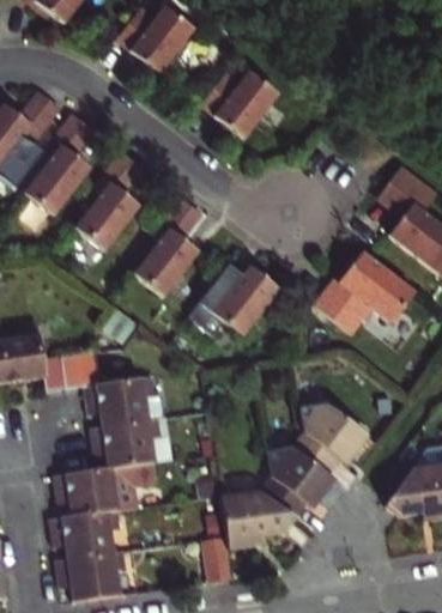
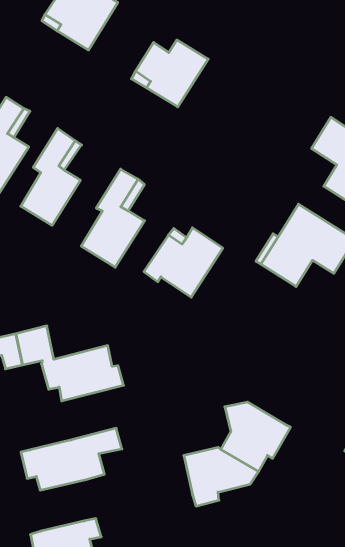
building: [290,403,363,475] -> none
building: [90,418,172,468] -> none
building: [50,510,120,558] -> none
building: [199,536,230,582] -> none

